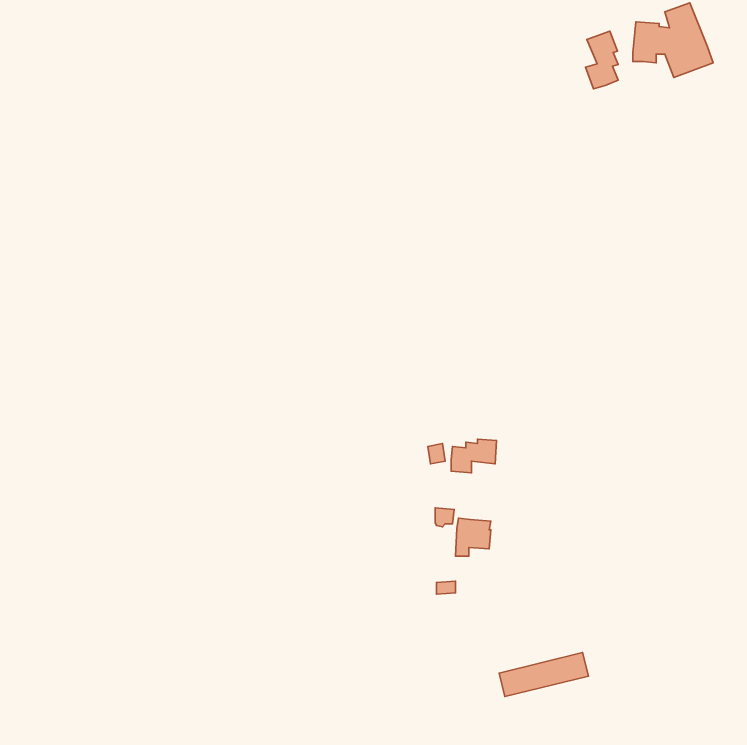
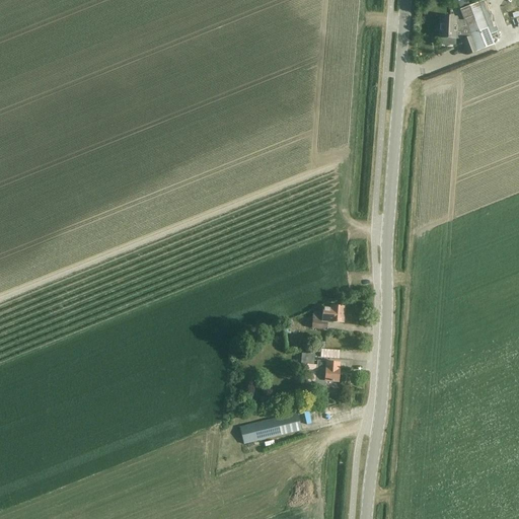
building: [585,31,618,89] -> none
building: [499,653,588,697] -> [240,412,302,442]

